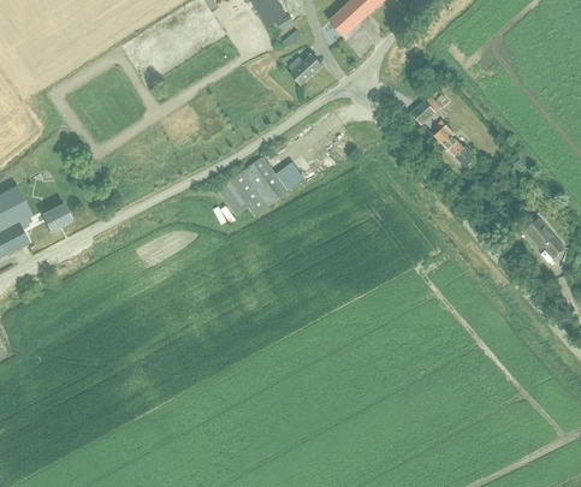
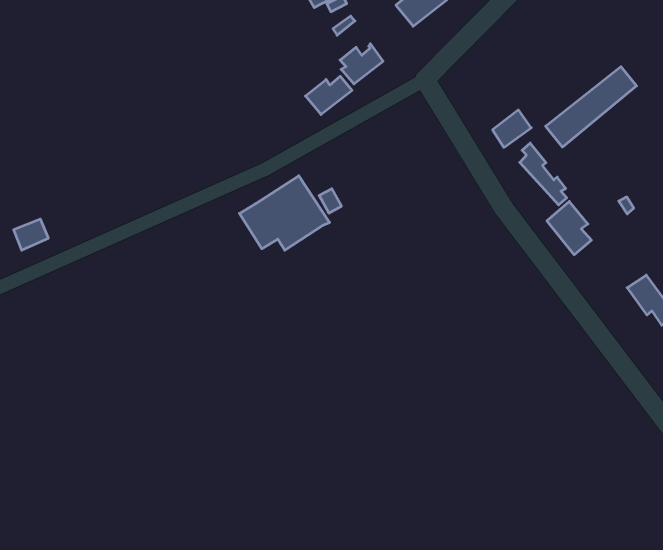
building: none -> [546,67,637,147]
building: none -> [305,76,352,115]
building: none -> [547,201,591,255]

